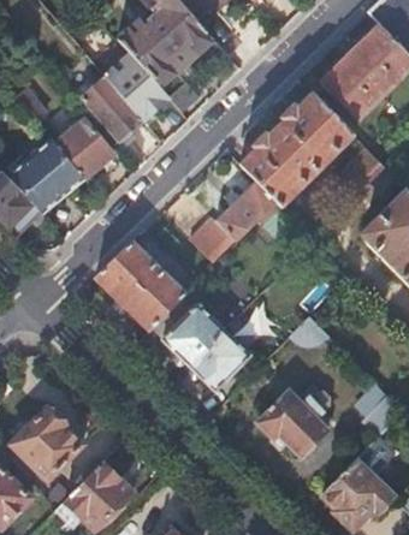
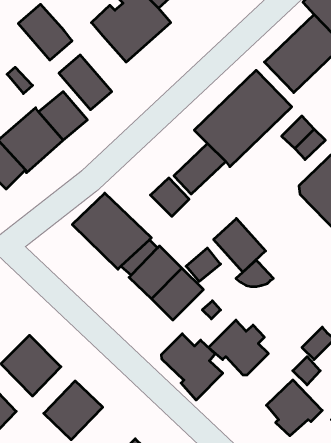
building: [105,52,168,118] -> [18,4,72,60]
building: none -> [214,218,266,272]
building: none -> [161,334,223,400]

